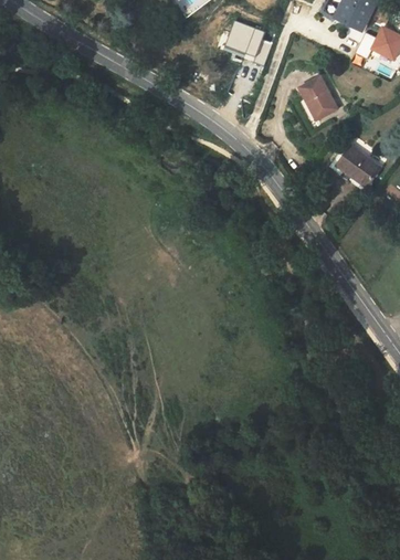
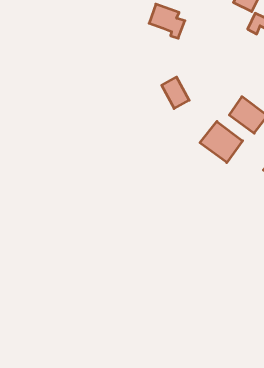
building: [301,77,337,119] -> [162,77,189,109]
building: none -> [200,121,243,163]

